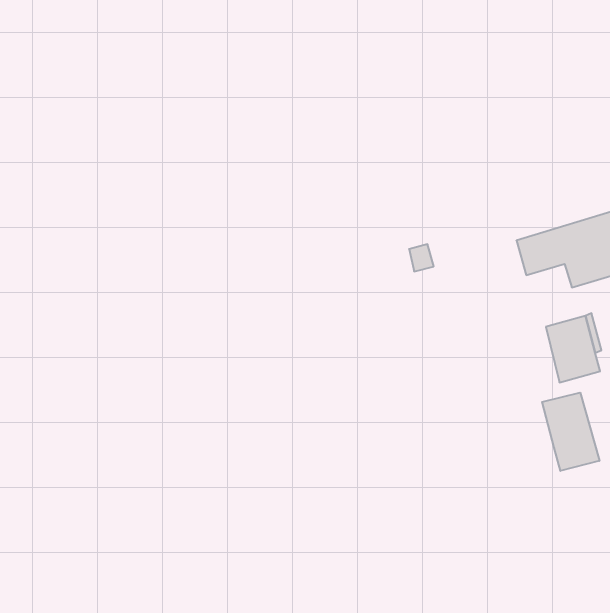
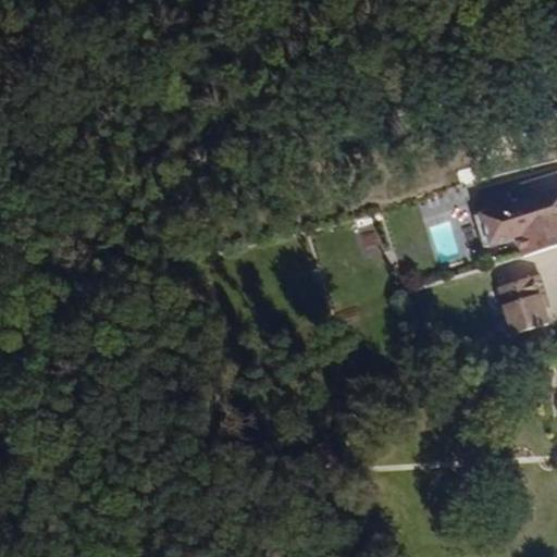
building: [542,393,599,471] -> none

